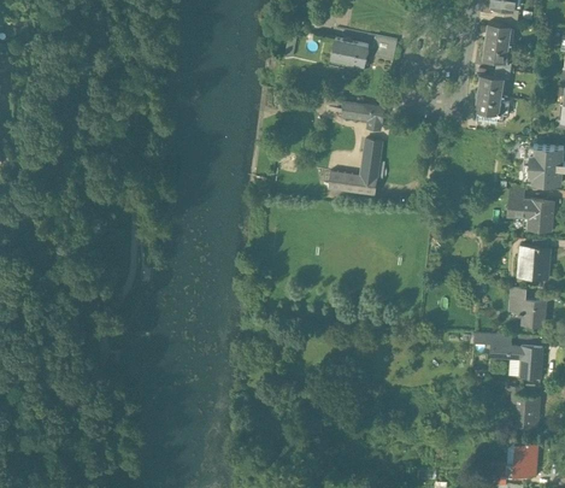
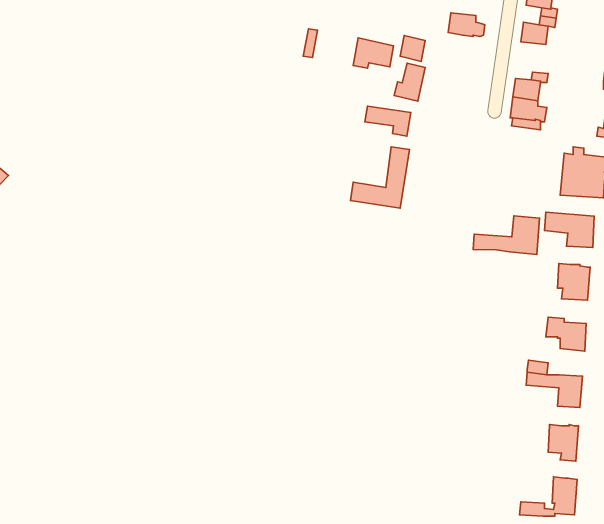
building: [483,42,517,64] -> [448,13,485,37]
building: none -> [394,63,425,101]
building: none -> [473,216,539,255]

